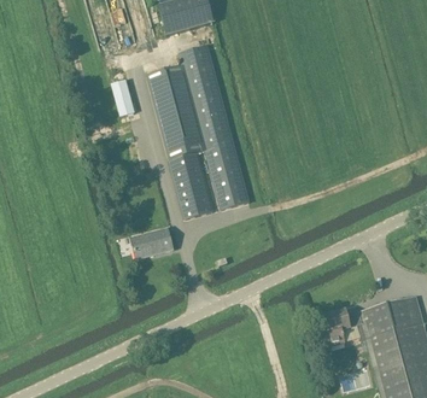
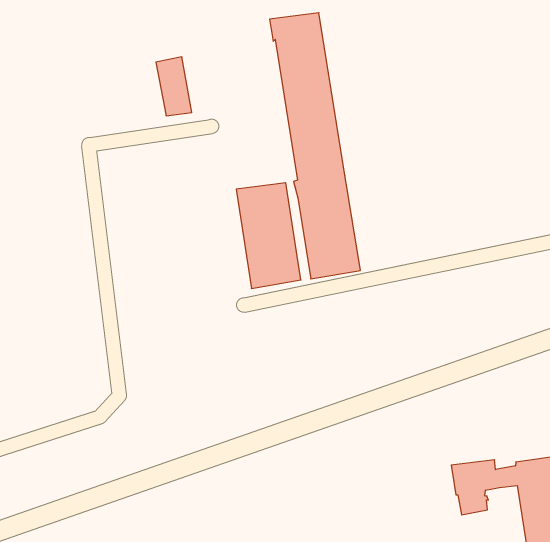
building: [145,64,205,159] -> none
building: [130,228,172,258] -> none

